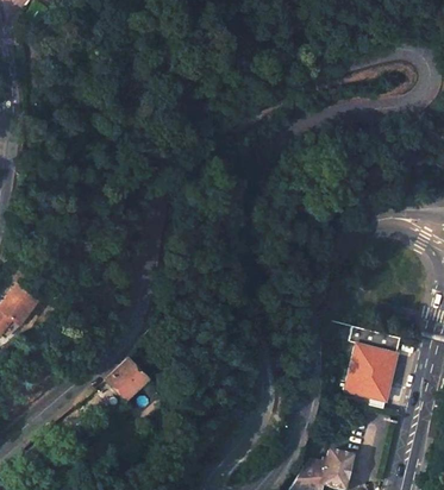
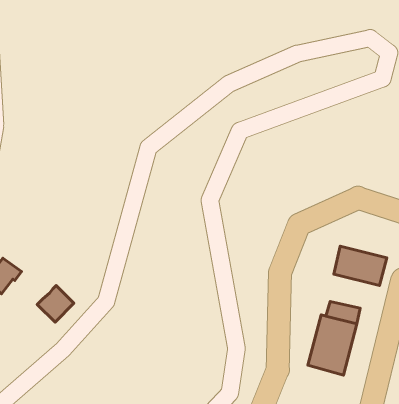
building: none -> [334,246,387,285]
building: [108,358,148,397] -> [37,285,74,322]

